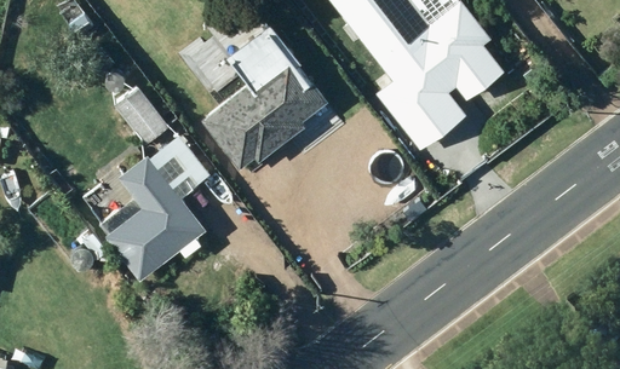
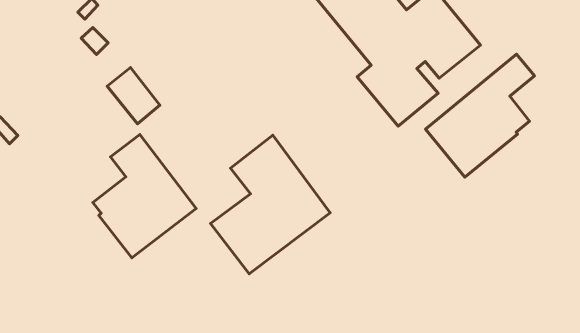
building: [201,27,325,169] -> [211,135,330,274]
building: none -> [425,54,534,177]

